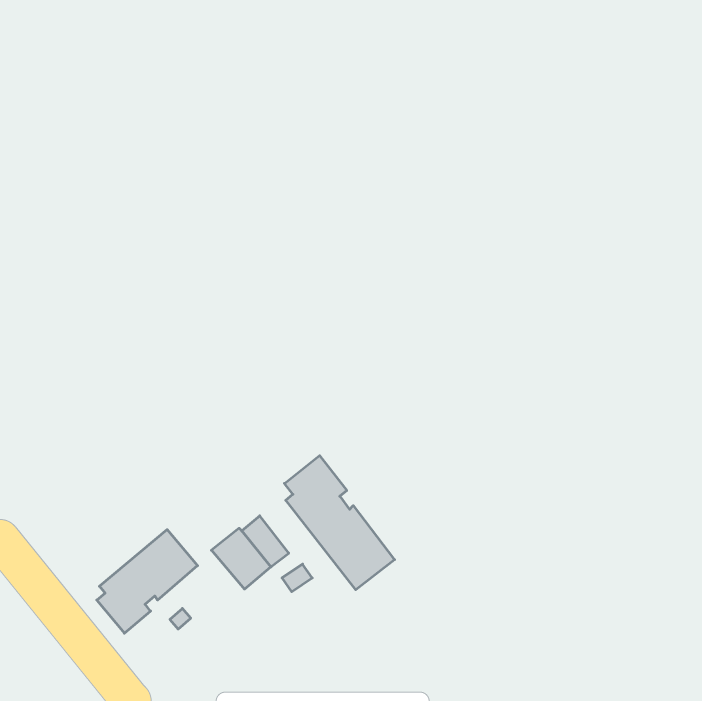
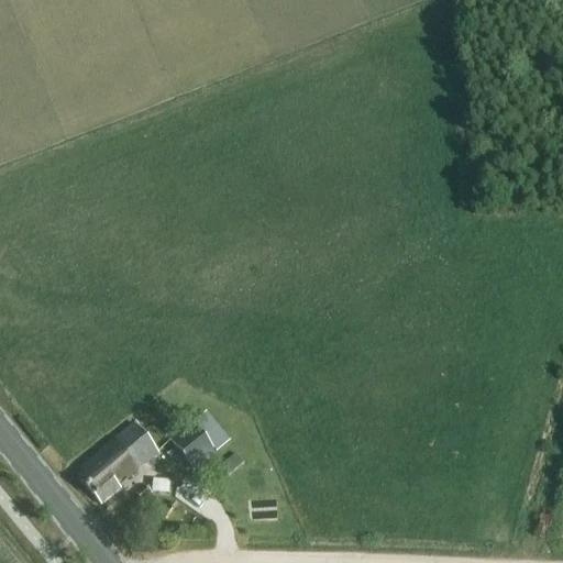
building: [284,456,395,590] -> none

